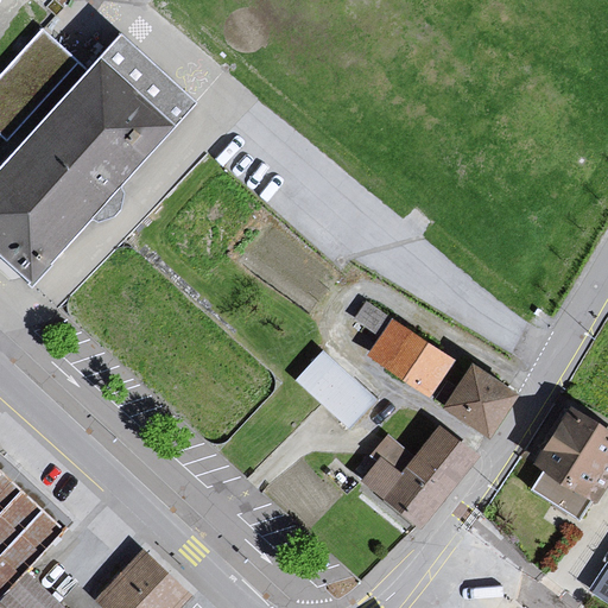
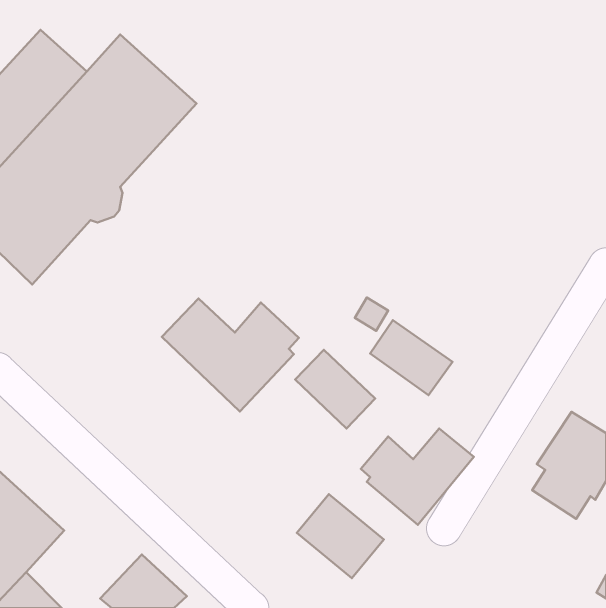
building: none -> [162,299,299,411]
building: [448,368,513,432] -> none
building: none -> [297,494,384,578]

